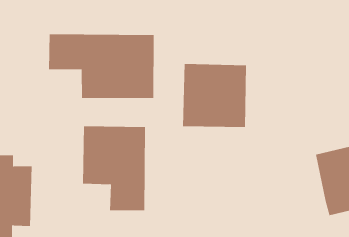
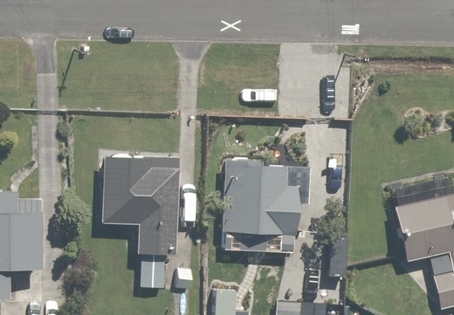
building: [48,33,154,99] -> none
building: [182,64,247,127] -> [224,163,303,241]

